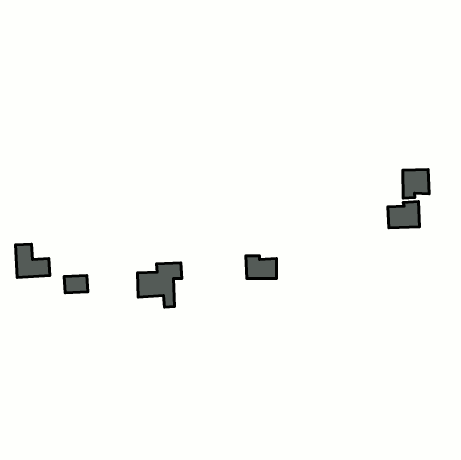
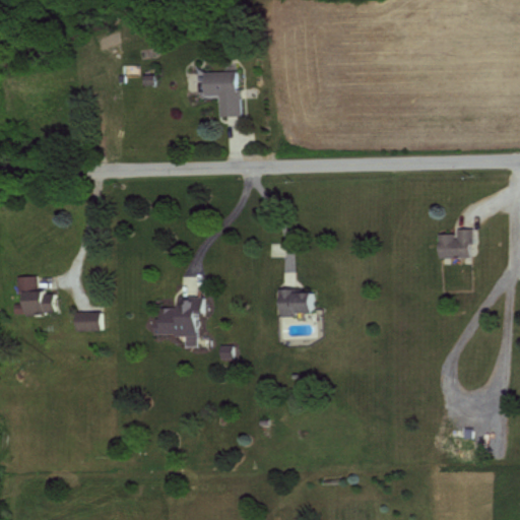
building: none -> [202,71,239,117]
building: [403,169,429,198] -> none

